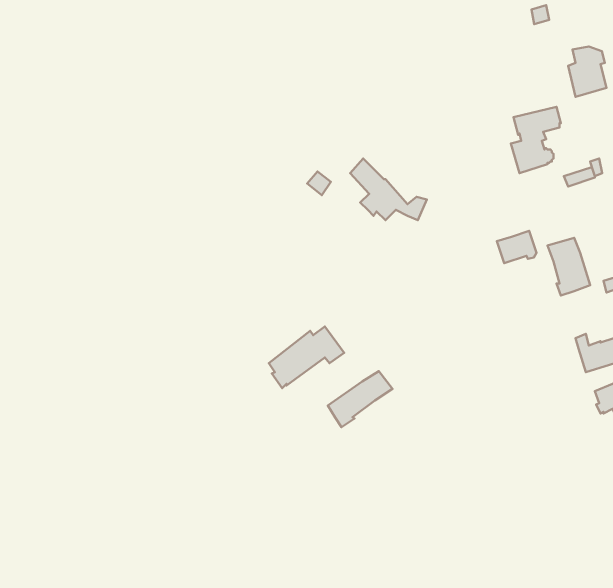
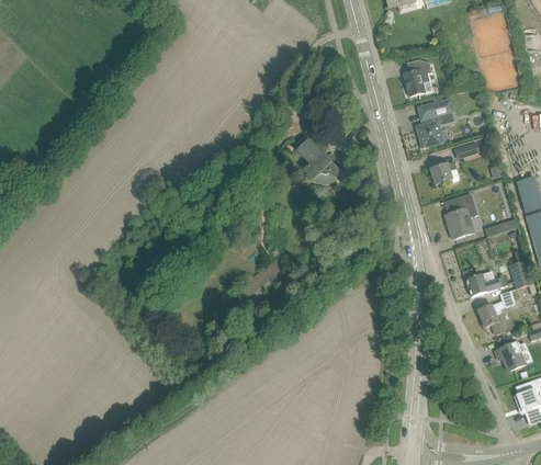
building: [568,47,606,97] -> [403,59,431,97]
building: [497,231,537,263] -> [429,160,459,184]
building: [328,371,393,427] -> none

